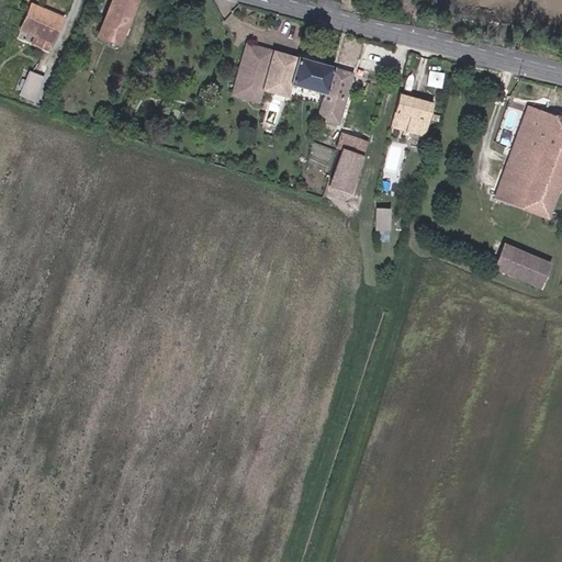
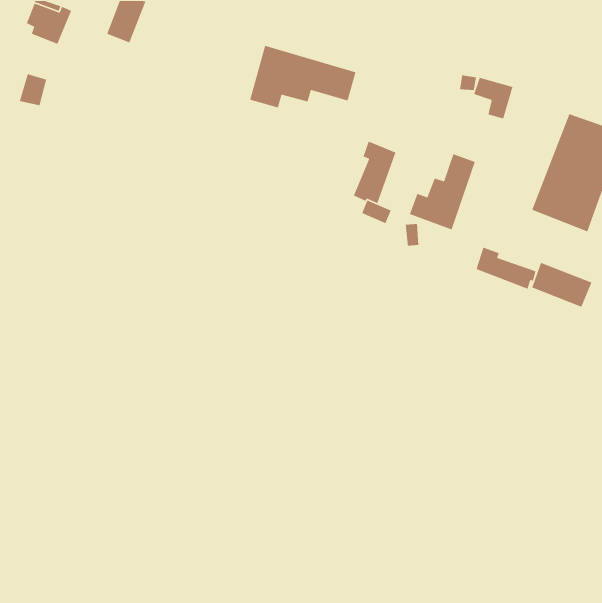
building: [318,67,355,124] -> none
building: [396,94,434,134] -> [473,77,513,119]
building: none -> [409,153,476,230]
building: none -> [476,246,536,290]

